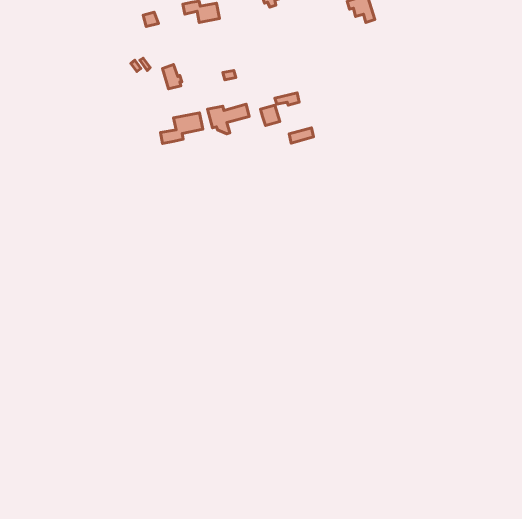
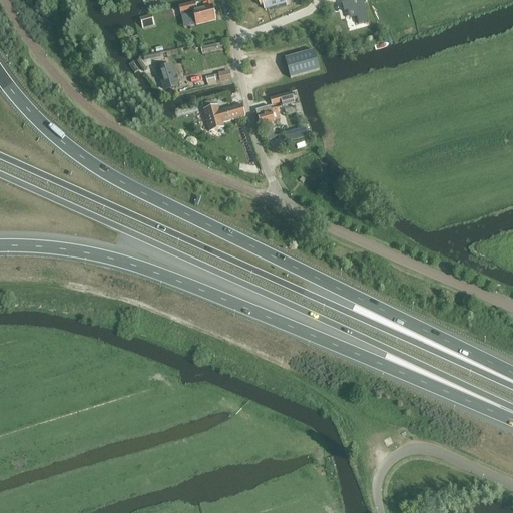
building: none -> [285,48,320,76]
building: [160,113,203,143] -> none

